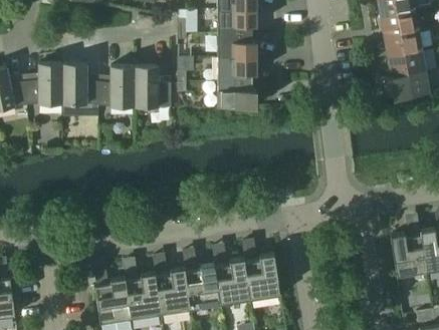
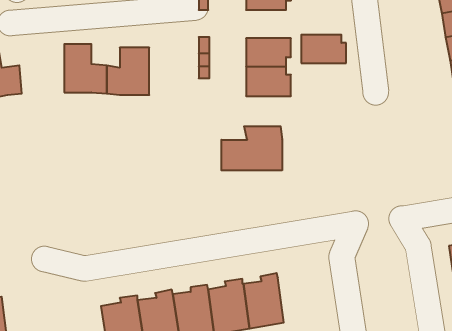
building: [218,34,256,58] -> [301,35,346,63]
building: [25,63,63,105] -> none
building: [136,66,171,106] -> none
building: none -> [221,126,282,170]
building: [245,254,280,300] -> none

